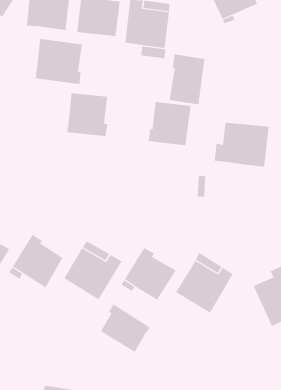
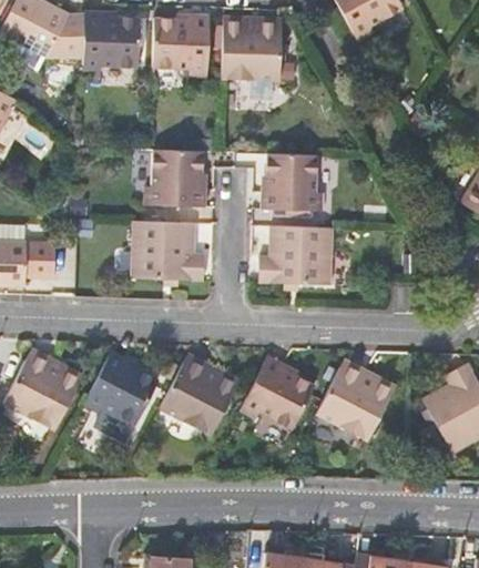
building: [35,38,83,85] -> none
building: [169,54,205,105] -> none
building: [214,122,269,167] -> [259,226,333,284]
building: none -> [132,221,203,280]
building: [100,303,151,353] -> none

